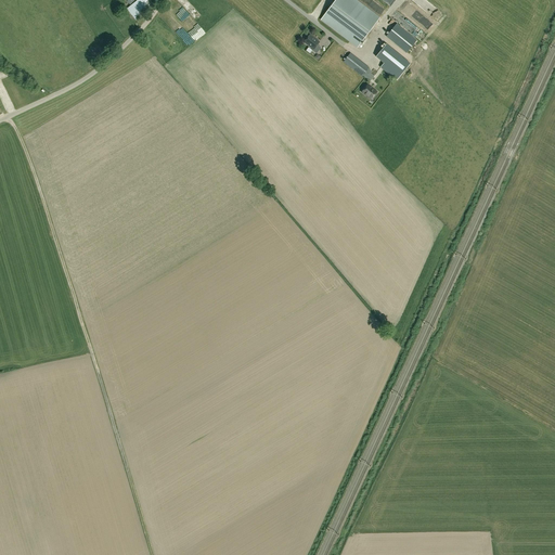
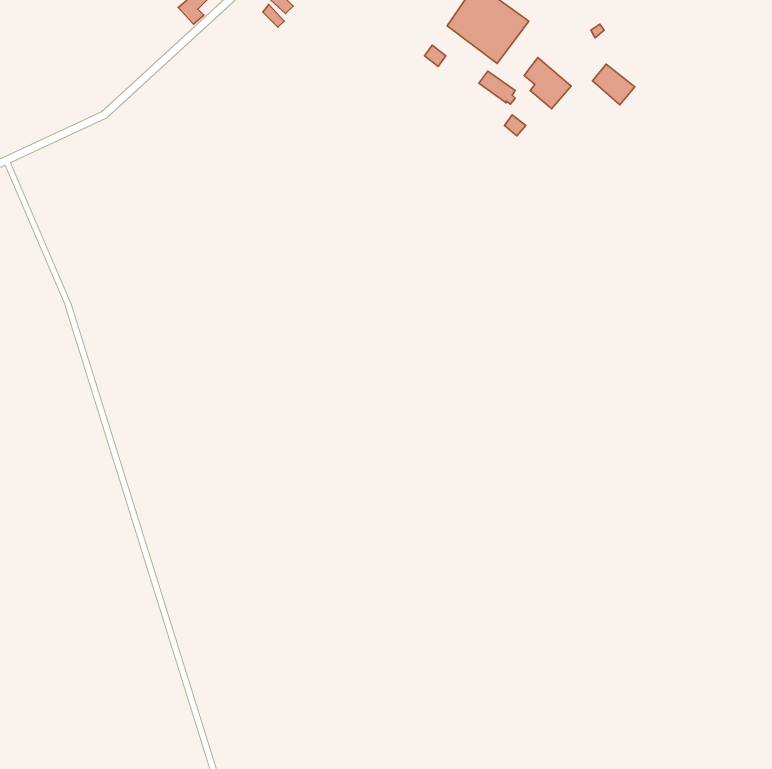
building: [387,22,417,51] -> [593,64,635,105]

